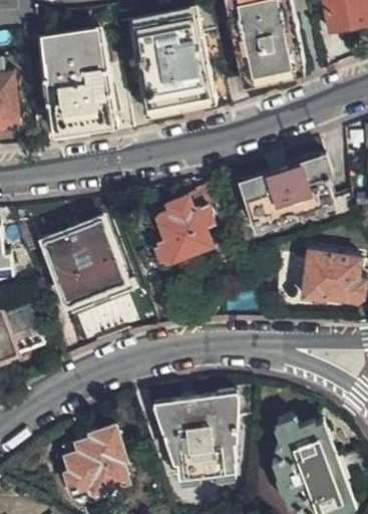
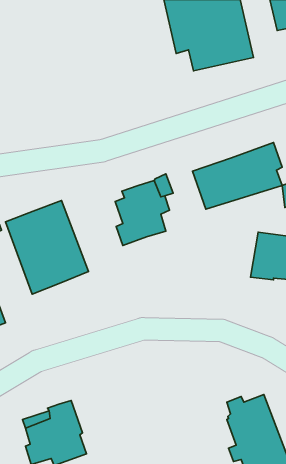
building: [131,13,213,109] -> none
building: [42,29,114,121] -> none
building: [151,394,238,475] -> none

